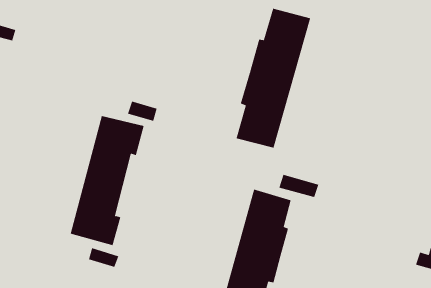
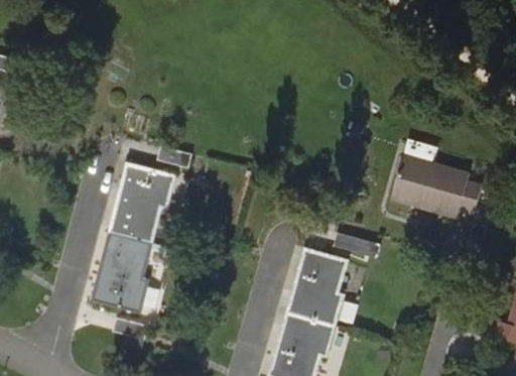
building: [236,8,311,149] -> none
building: none -> [391,154,482,218]

